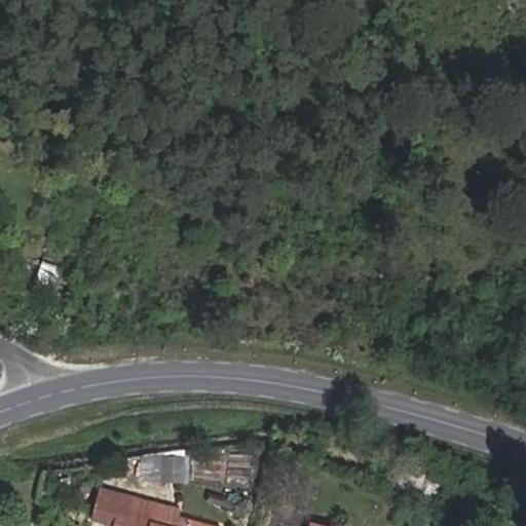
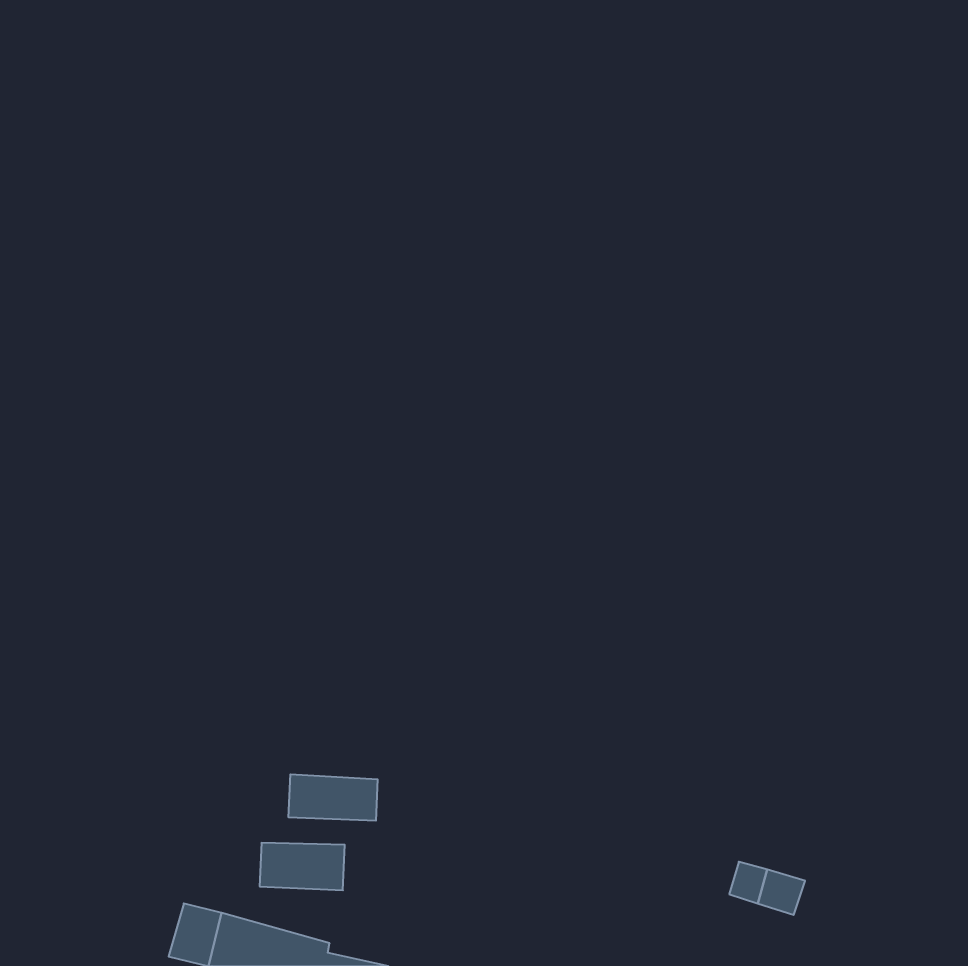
building: none -> [289,774,378,821]

